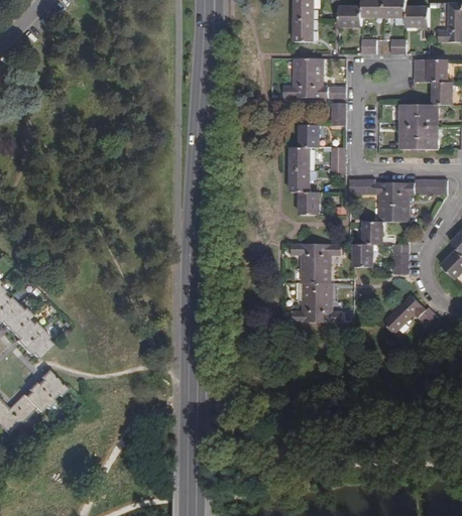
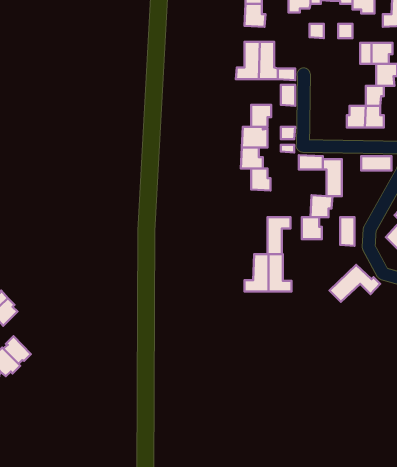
building: [399,105,420,126] -> none
building: [394,182,415,222] -> none
building: [291,244,316,283] -> none

